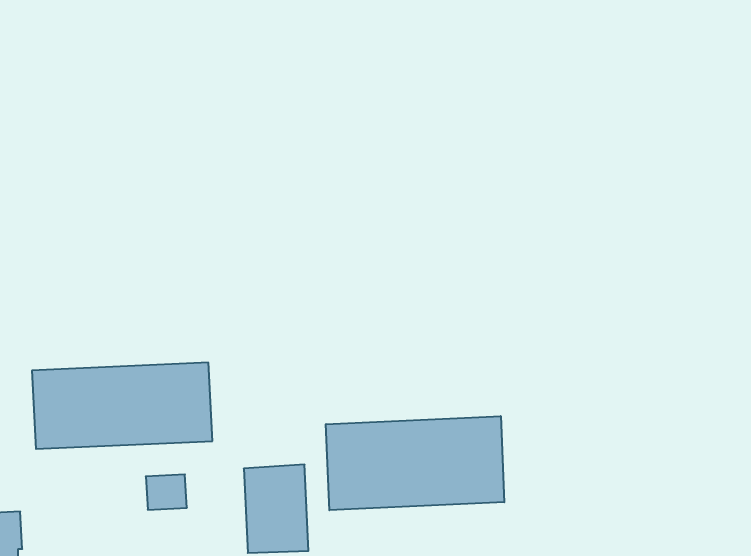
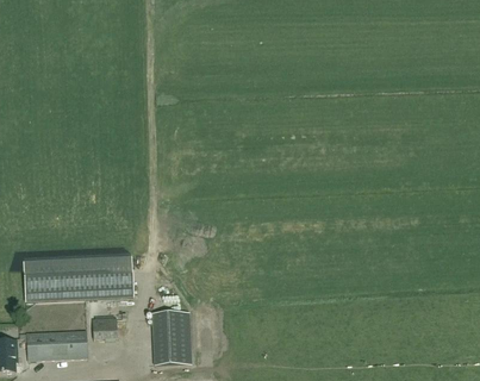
building: [326,416,504,510] -> none
building: none -> [26,332,88,361]

